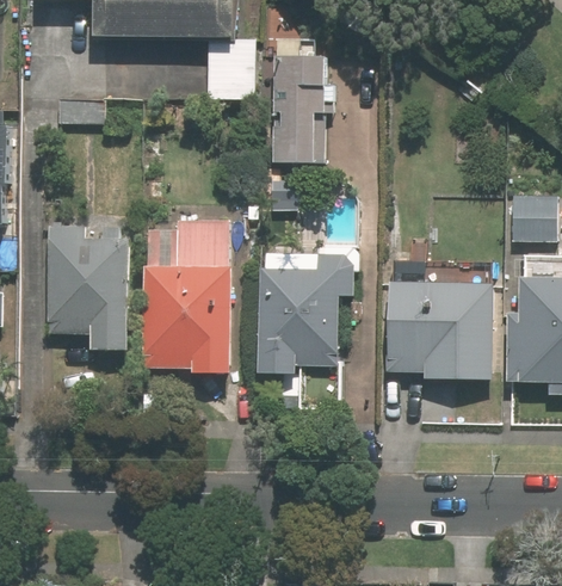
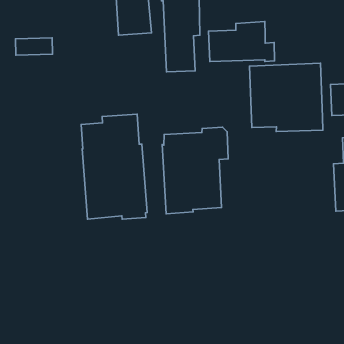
building: none -> [209,22,275,62]
building: [45,224,129,353] -> none
building: [389,280,495,381] -> [249,63,323,132]

